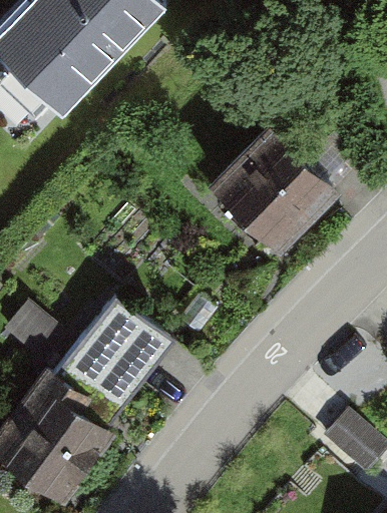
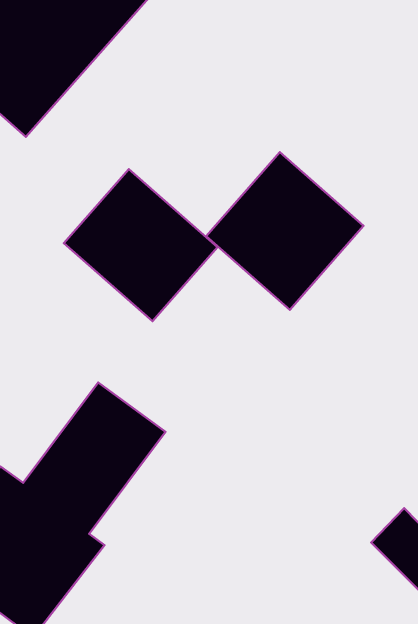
building: none -> [64,169,217,321]

